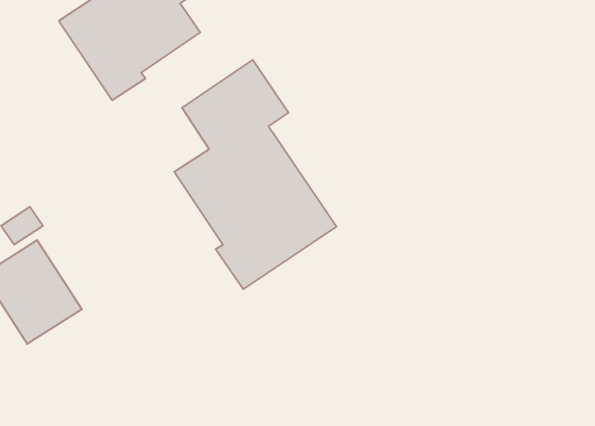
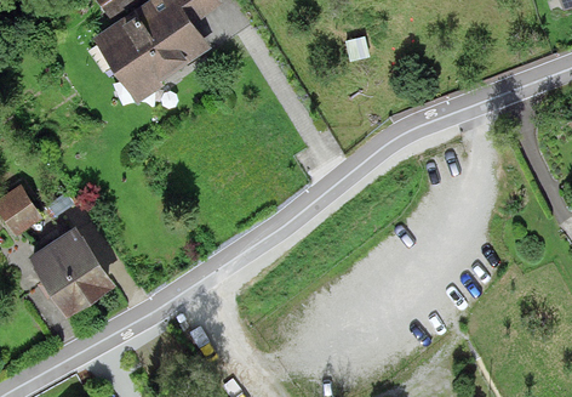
building: [174,60,336,289] -> none

